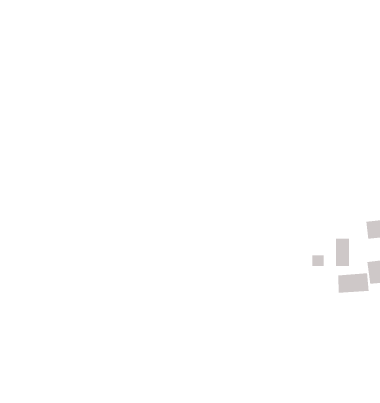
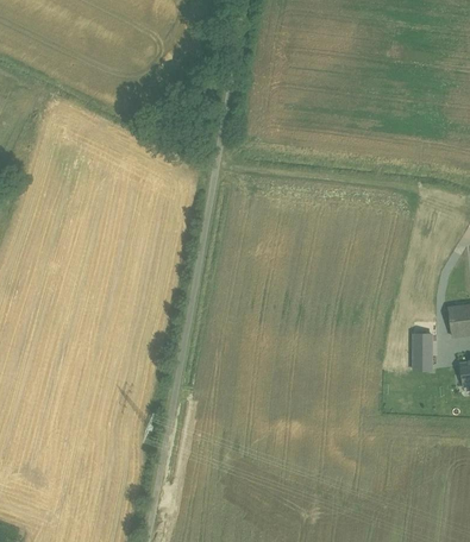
building: [338,272,369,293] -> none

